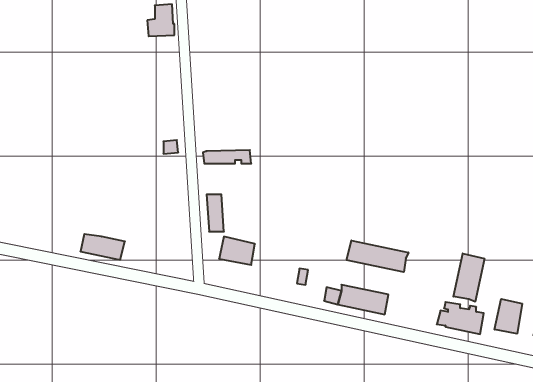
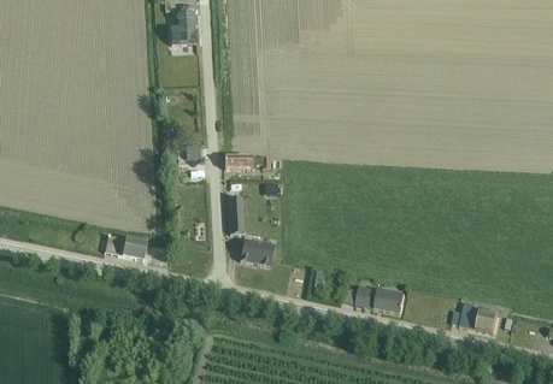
building: [347,240,408,272] -> none
building: [453,253,484,302] -> none
building: [495,299,522,334] -> none

